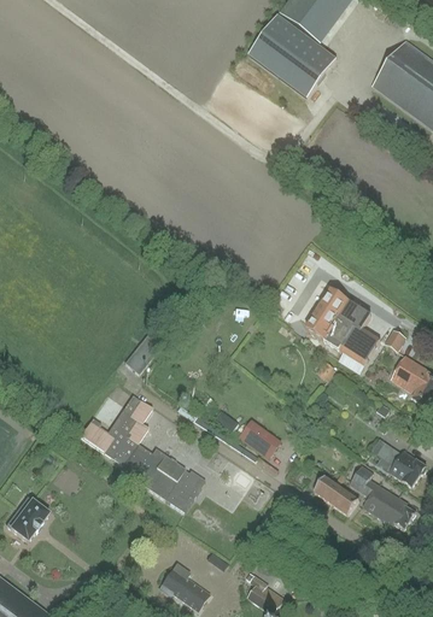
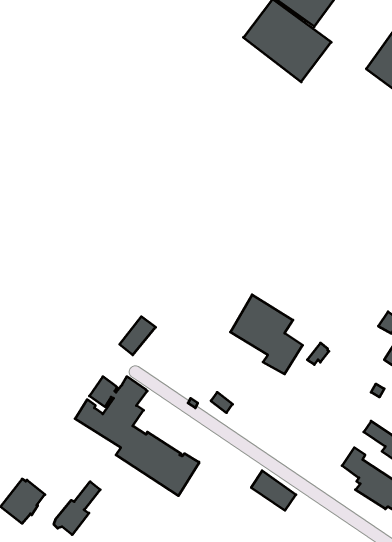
building: [306,289,379,369] -> [230,295,303,374]
building: [238,417,280,456] -> none
building: [312,475,357,515] -> [251,471,296,510]
building: none -> [54,482,100,535]

